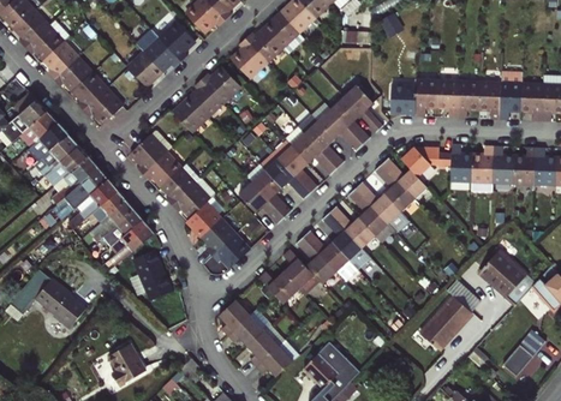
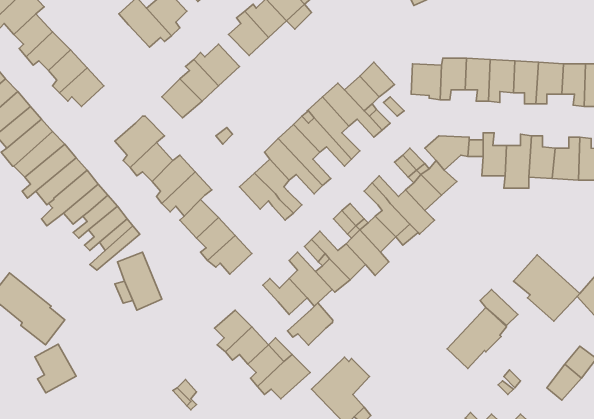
building: [127,52,162,86] -> none
building: none -> [287,303,333,345]
building: [109,342,145,384] -> [35,344,76,393]

